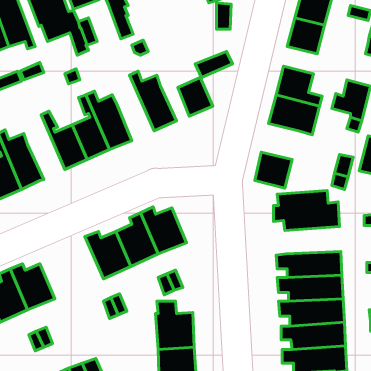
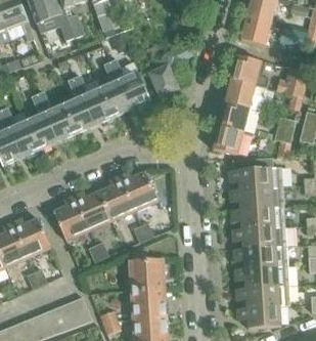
building: none -> [99,63,130,118]
building: none -> [26,96,56,150]
building: none -> [218,103,249,133]
building: none -> [229,188,283,211]
building: none -> [52,197,88,241]

